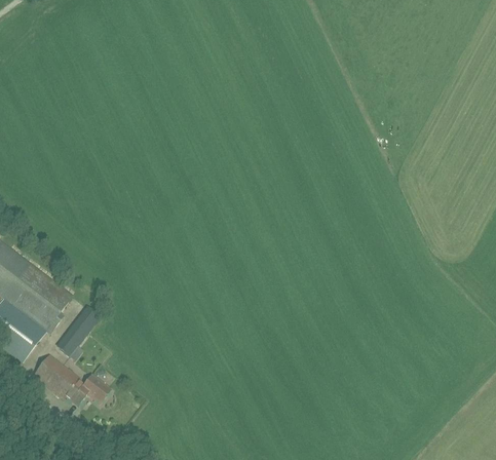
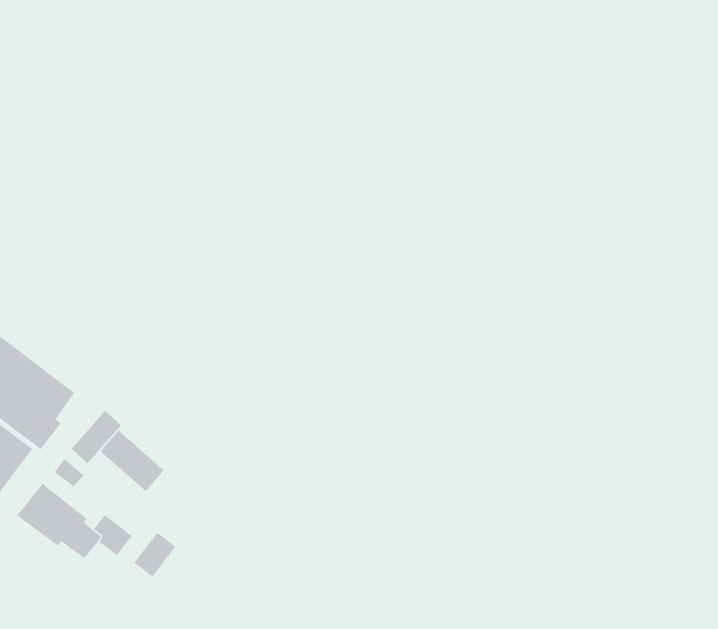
building: none -> [100,430,165,492]
building: none -> [133,532,177,578]

